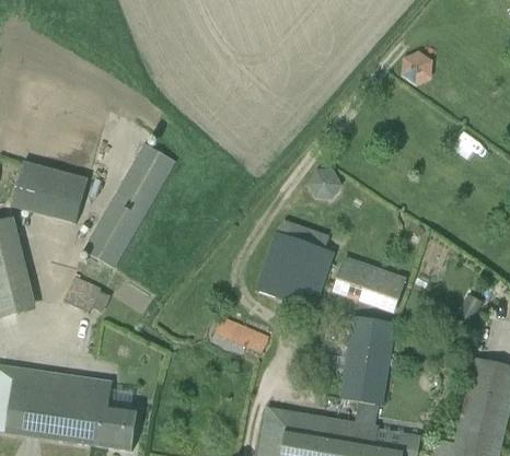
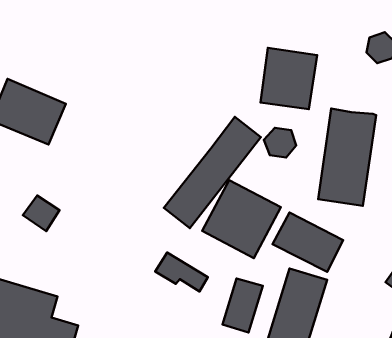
building: none -> [261,48,317,109]
building: none -> [318,109,376,206]
building: [83,142,175,267] -> [164,117,261,228]
building: none -> [223,278,263,333]

